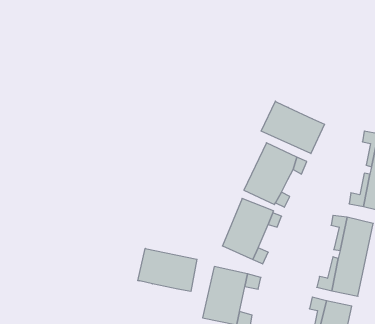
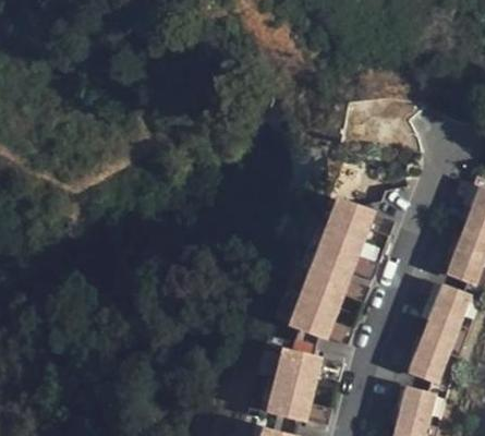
building: [261,101,325,154] -> none
building: [138,248,197,291] -> none

